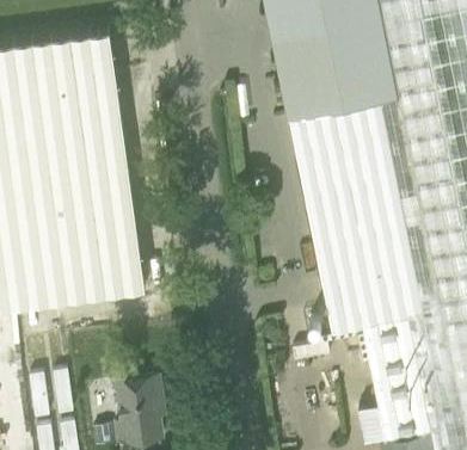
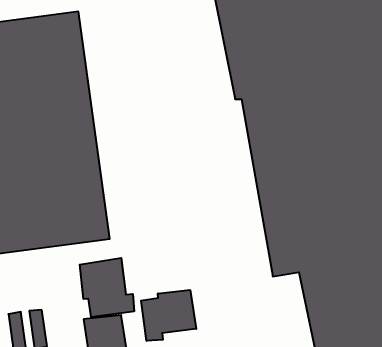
building: none -> [80,258,134,317]
building: none -> [141,290,196,341]

